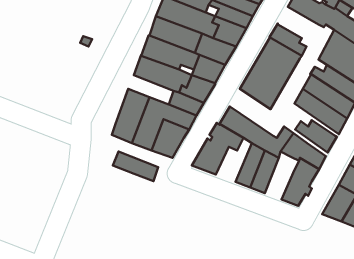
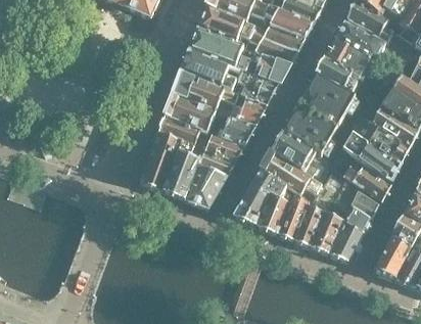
building: none -> [325,39,370,78]
building: none -> [272,130,332,182]
building: none -> [256,184,296,233]
building: none -> [311,199,343,252]
building: [113,152,158,181] -> [159,114,209,147]

